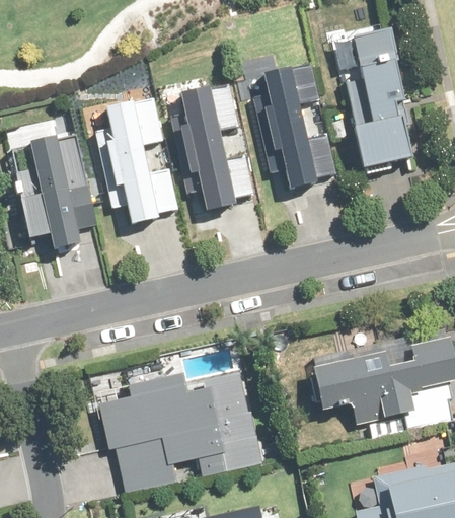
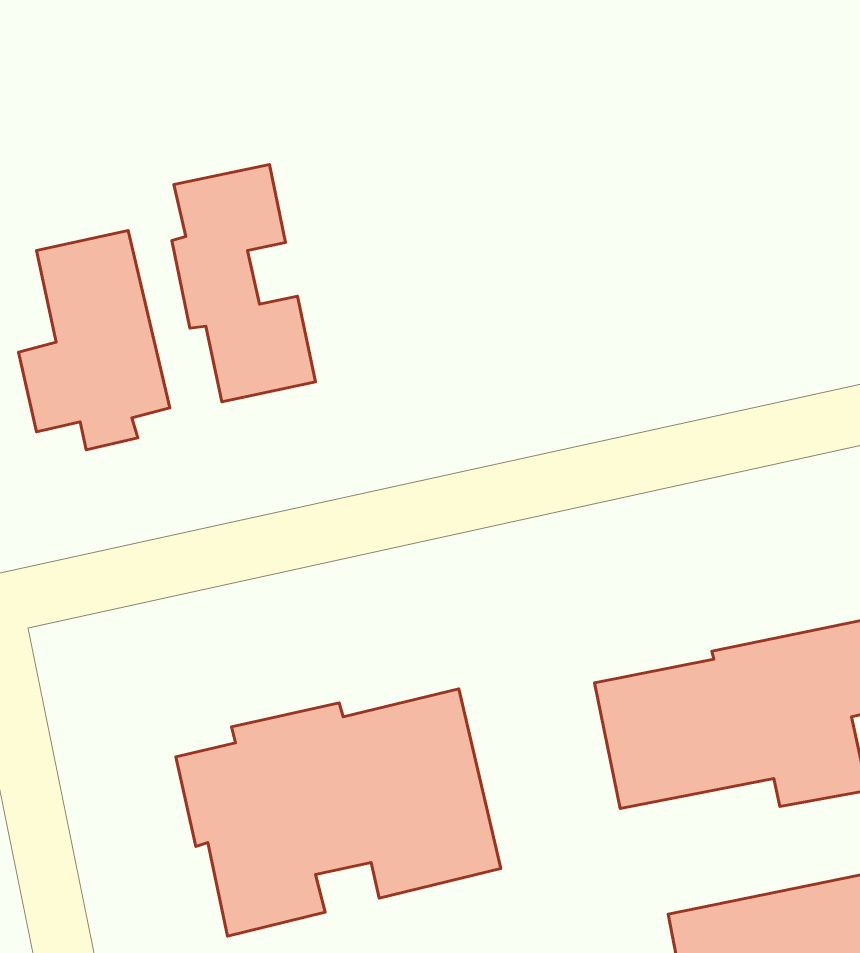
building: [340,23,400,168] -> none
building: [255,65,322,190] -> none
building: [174,88,247,209] -> none

